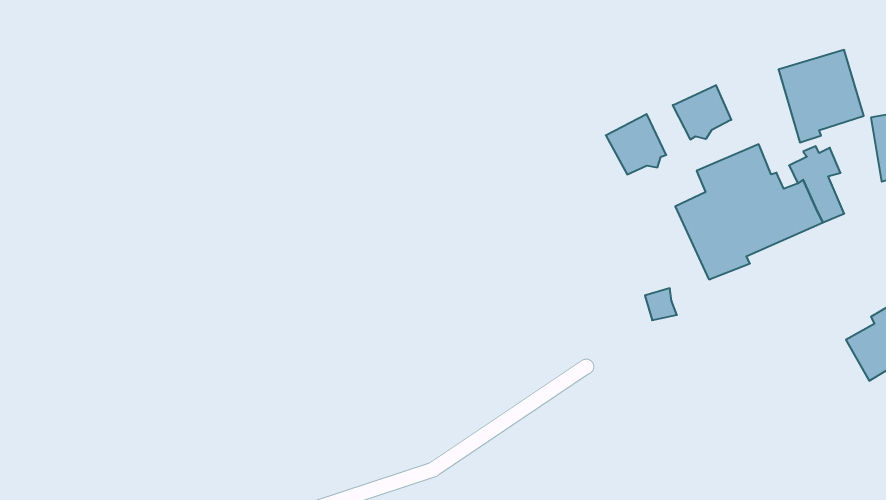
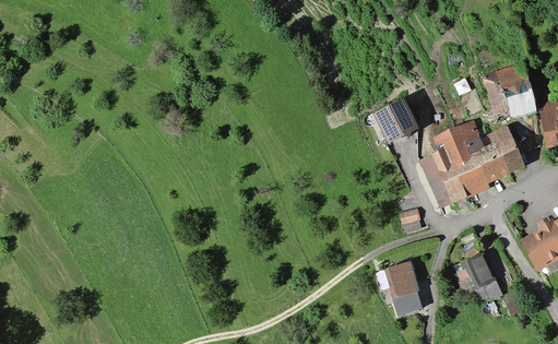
building: [673,85,731,140] -> none
building: none -> [463,244,501,298]
building: none -> [378,262,419,315]

